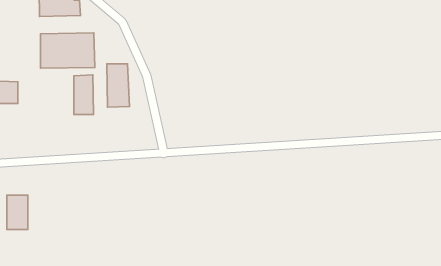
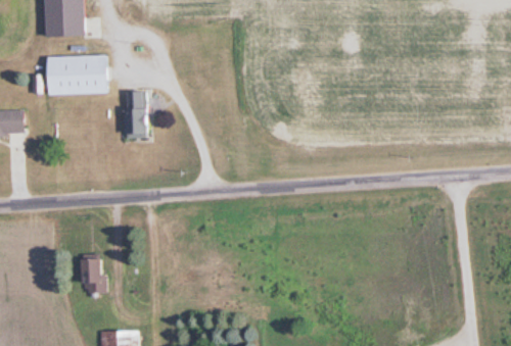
building: [74,75,93,115] -> none
building: [7,195,28,230] -> [81,255,104,294]

